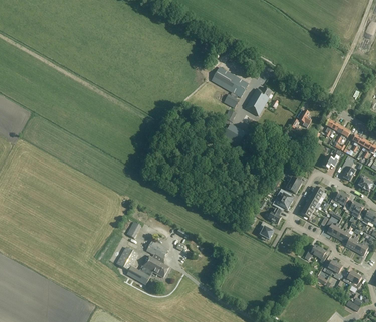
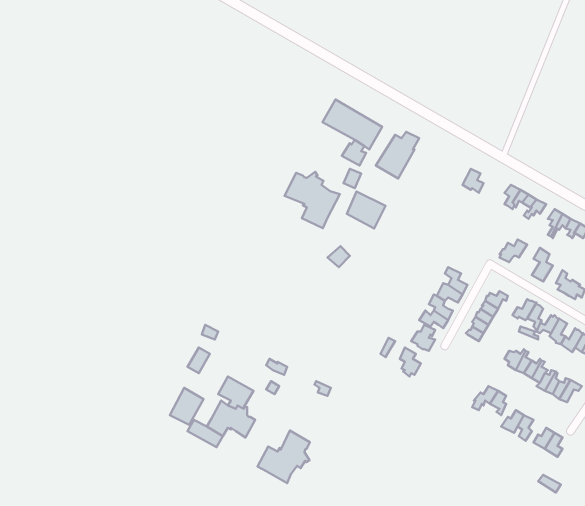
building: none -> [284,172,340,228]
building: none -> [257,430,310,483]

